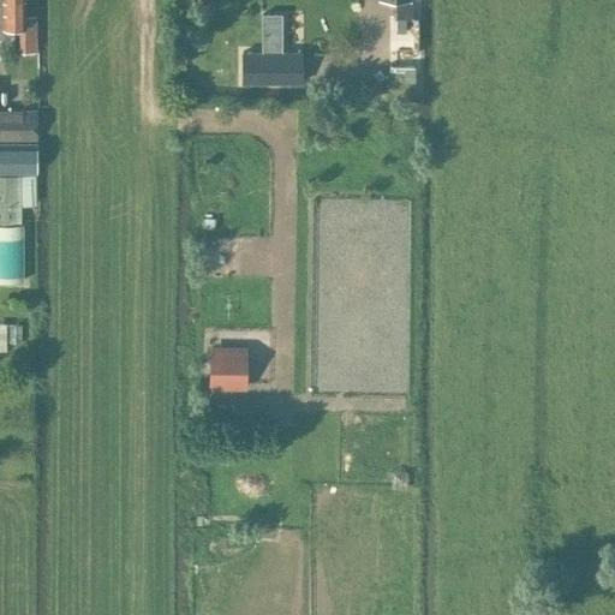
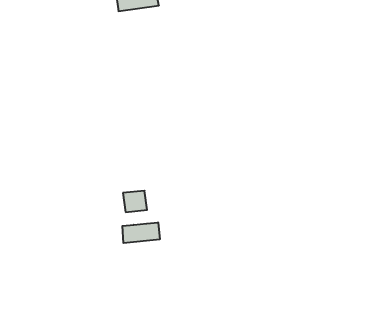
building: none -> [122,222,160,243]

